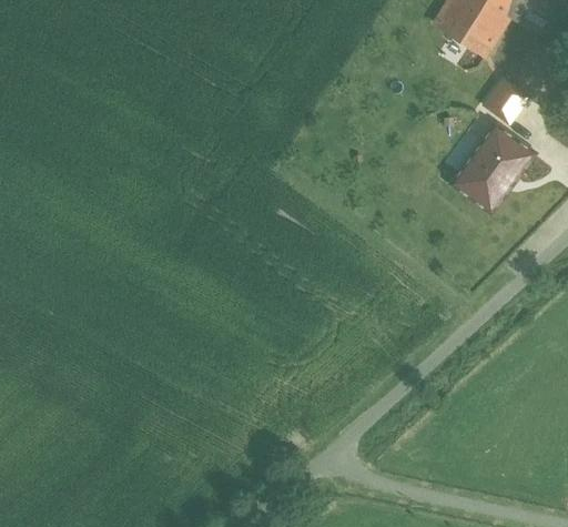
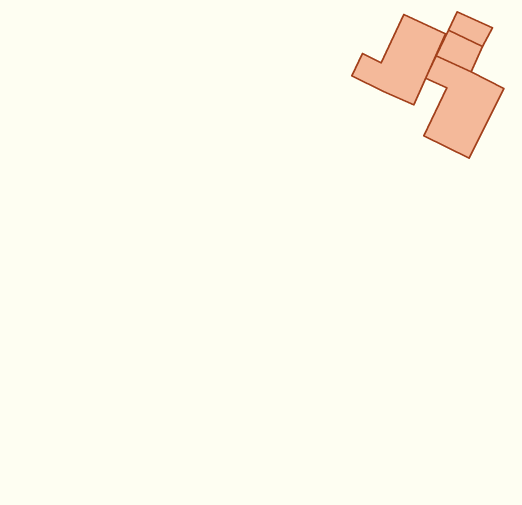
building: none -> [352,15,445,105]

